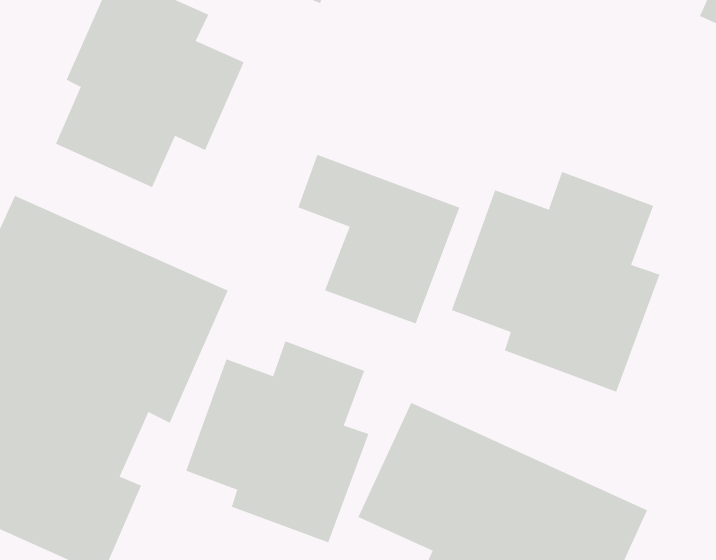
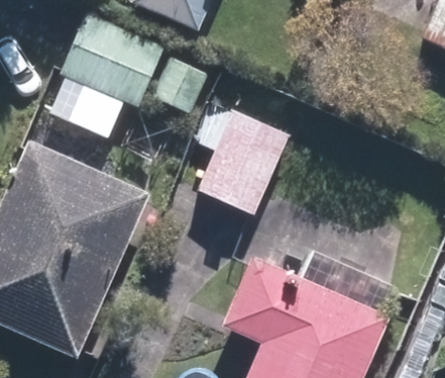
building: [451,171,660,392] -> none
building: [186,341,369,543] -> none

